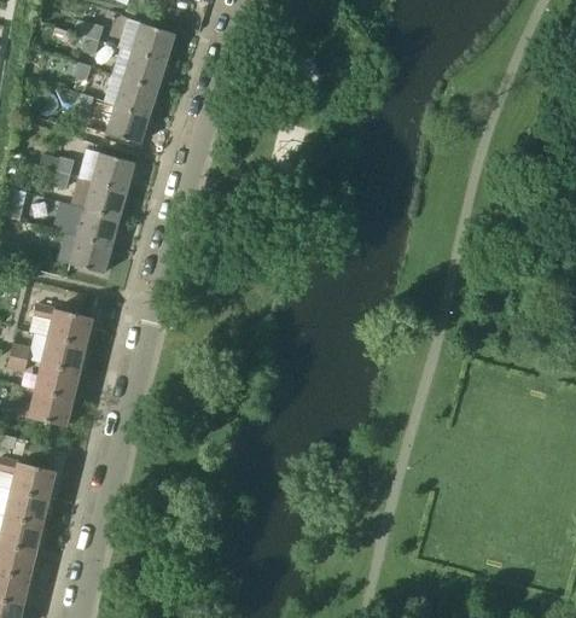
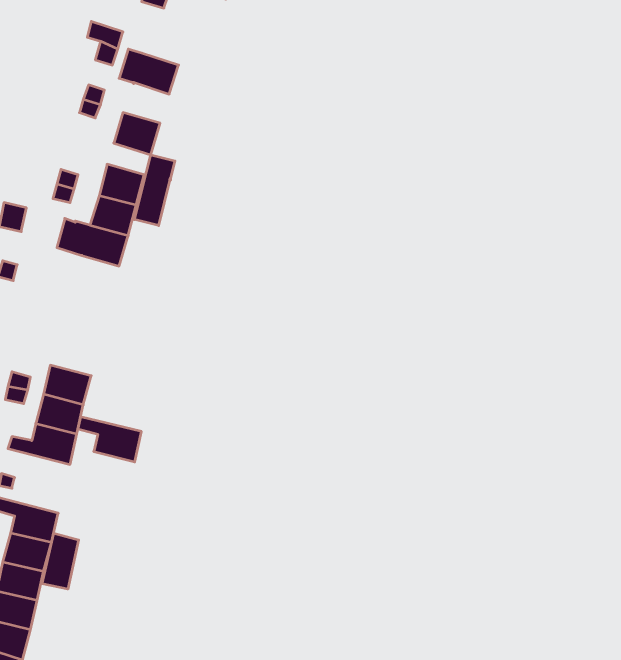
building: [120,18,175,62] -> none
building: [115,77,157,115] -> none
building: none -> [134,155,175,226]
building: [70,235,111,273] -> none
building: [34,304,92,345] -> [78,417,141,462]
building: none -> [42,533,79,589]

